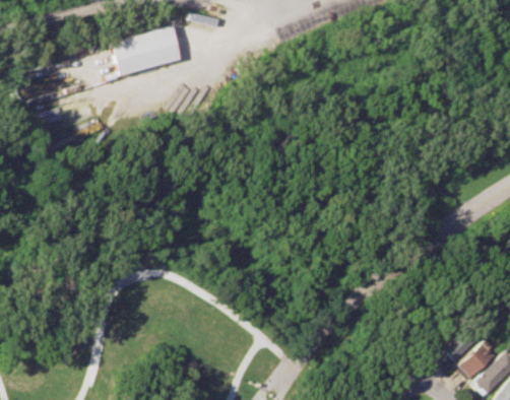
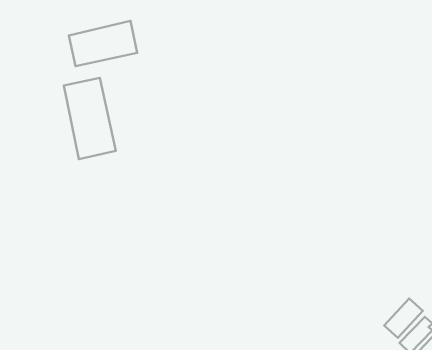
building: none -> [64,78,116,159]

